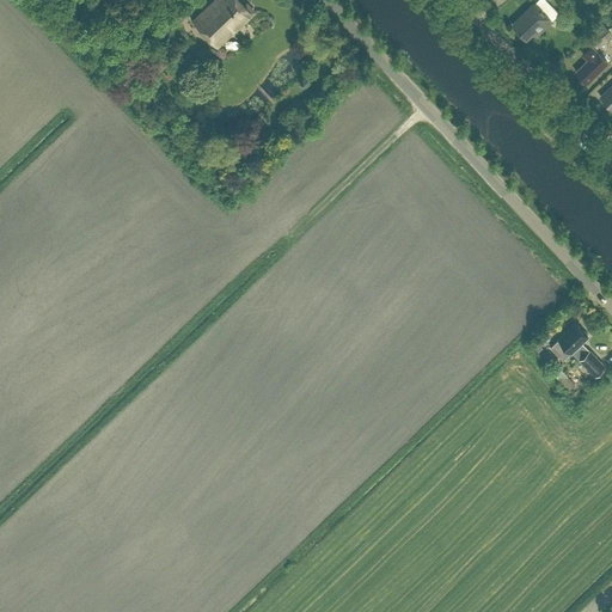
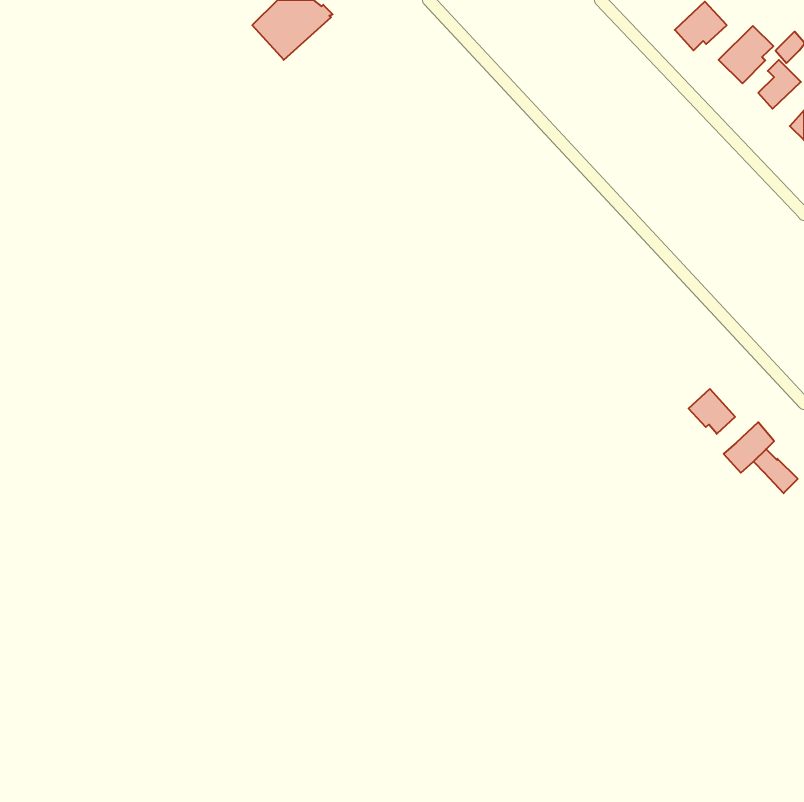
building: none -> [719,26,773,83]
building: none -> [689,389,735,434]

